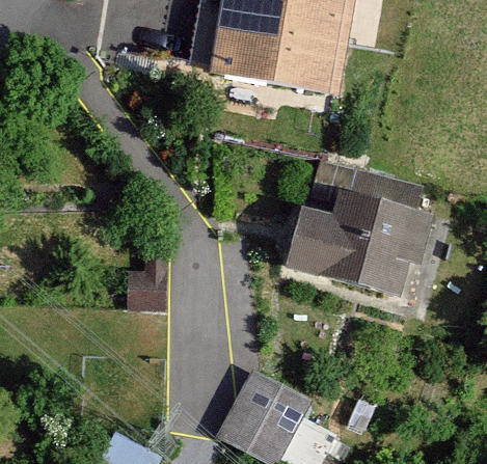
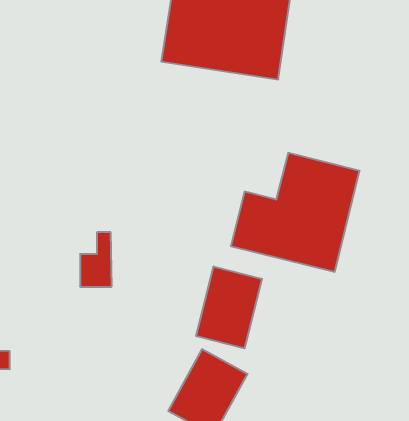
building: none -> [196,266,262,348]

